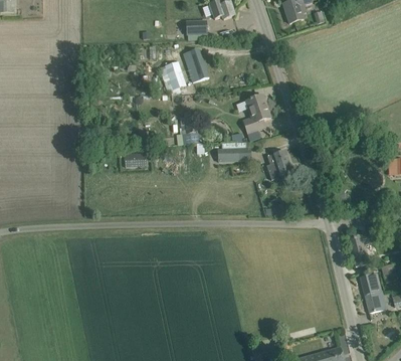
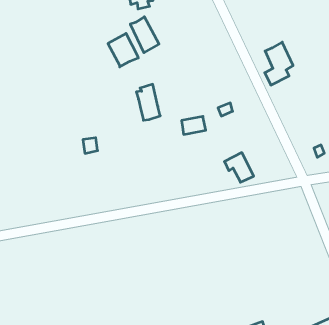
building: [243,95,270,133] -> [265,42,293,85]
building: [267,150,292,177] -> [224,153,254,182]

